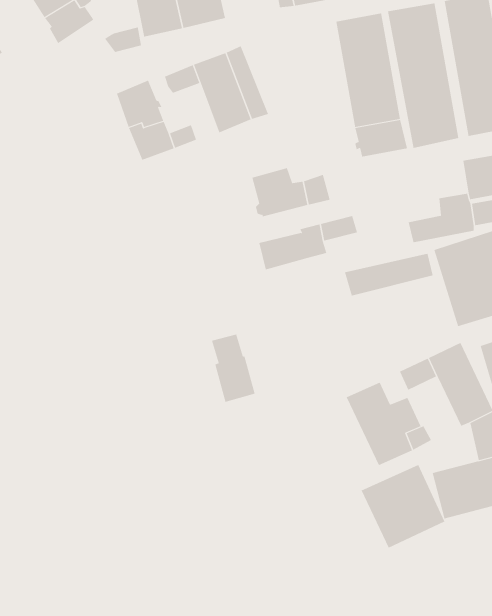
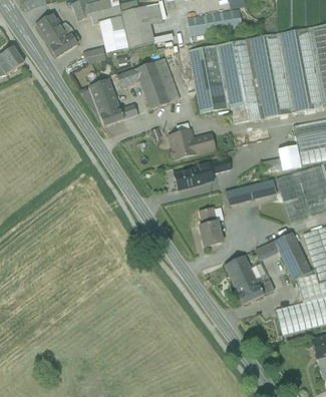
building: none -> [190,45,227,112]
building: [211,334,256,402] -> [197,208,223,248]
building: [361,464,445,549] -> none

